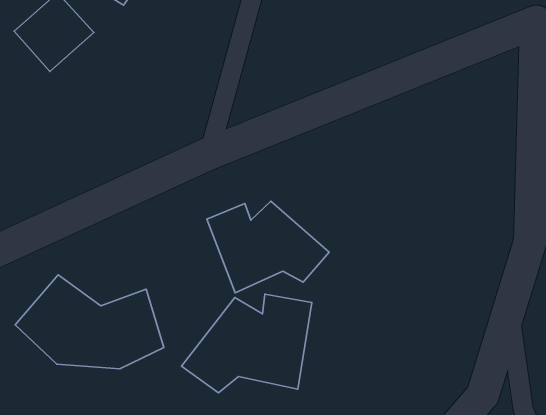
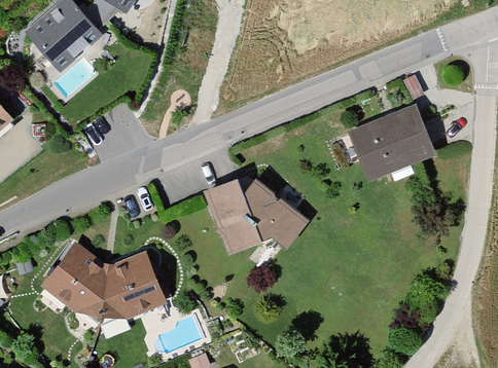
building: none -> [347,105,433,182]
building: [181,294,312,393] -> none

